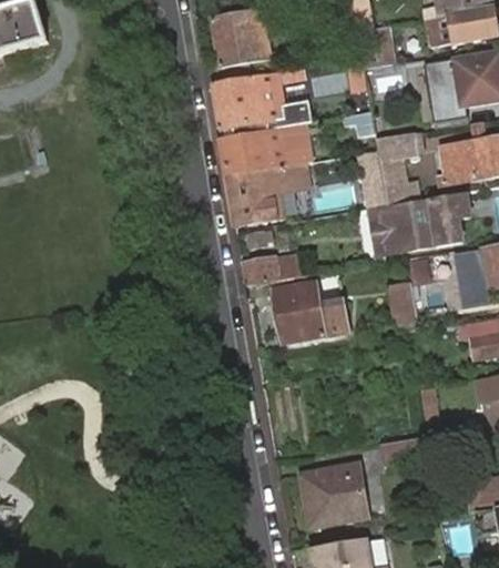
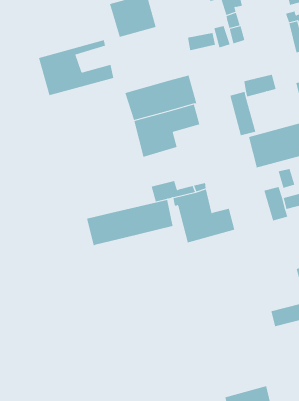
building: [211,65,307,132] -> [38,39,114,96]
building: [378,154,421,205] -> none
building: none -> [87,199,173,246]
building: [301,464,367,526] -> none

